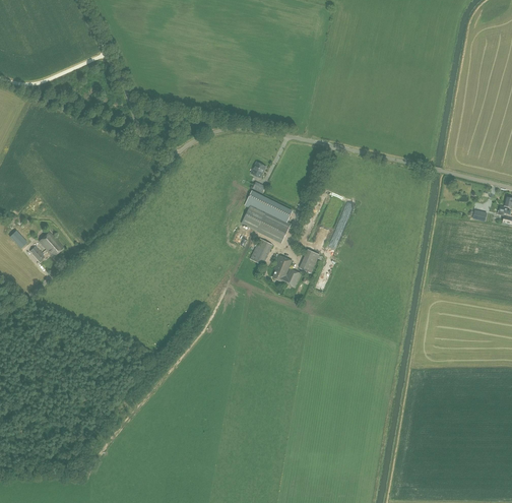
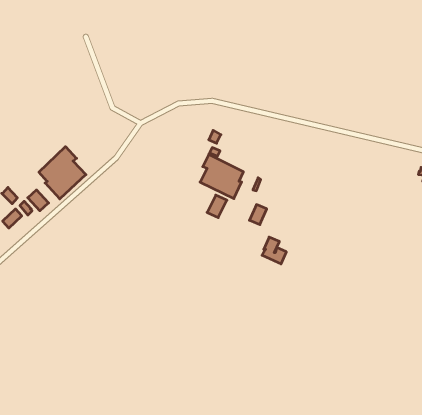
building: none -> [39,147,86,199]
building: [271,255,300,287] -> [262,237,286,264]

